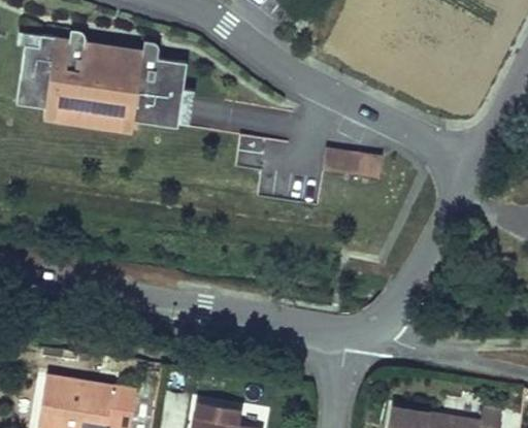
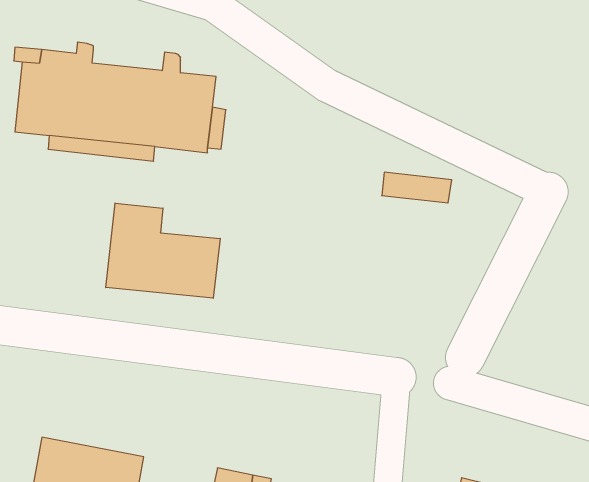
building: none -> [106,203,220,298]

